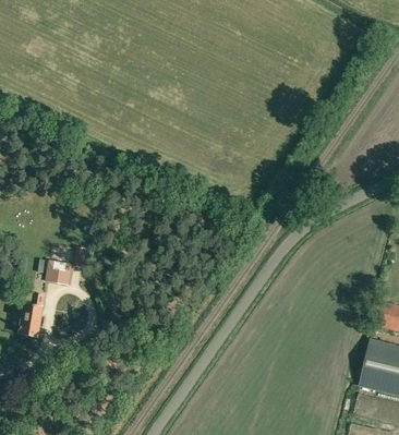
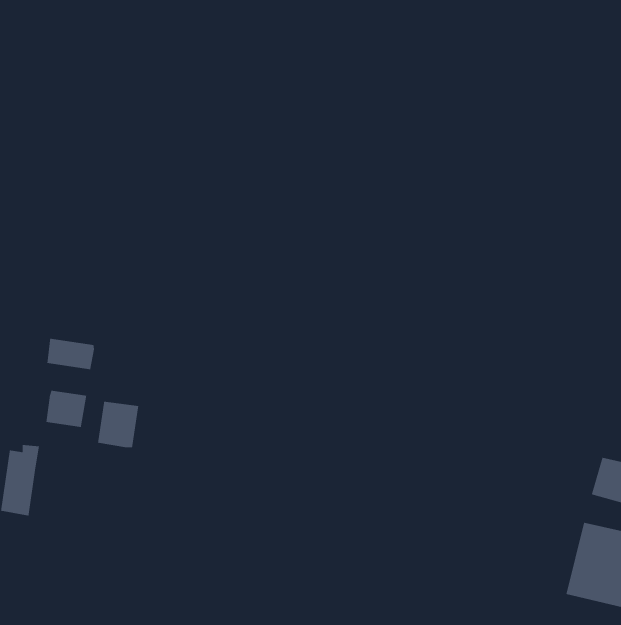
building: none -> [46,338,95,370]
building: none -> [97,401,139,448]

